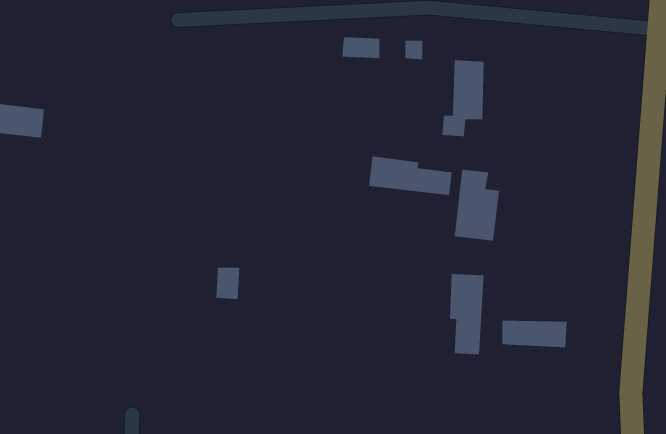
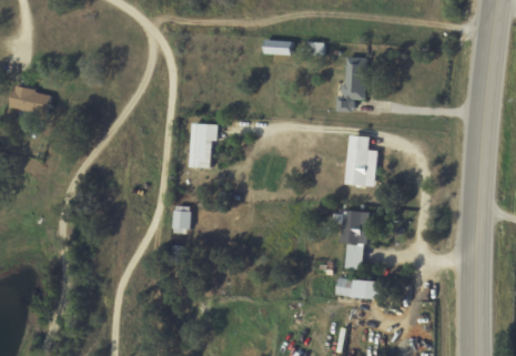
building: none -> [191,122,219,166]
building: [368,156,452,196] -> none
building: [501,320,568,348] -> [337,278,385,298]

